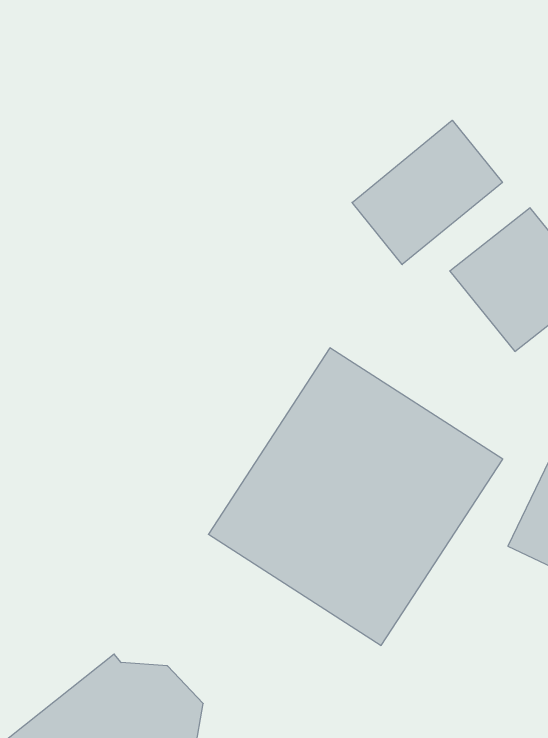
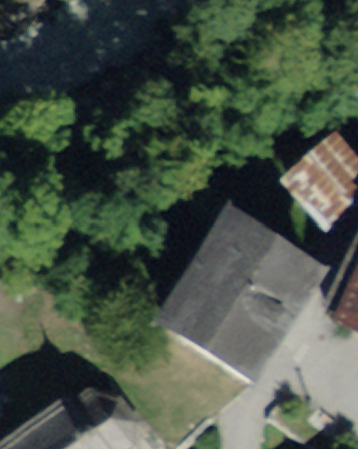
building: [352,120,502,265] -> none

